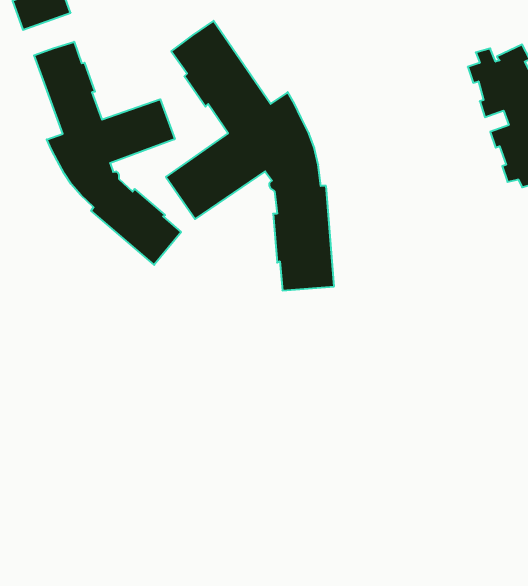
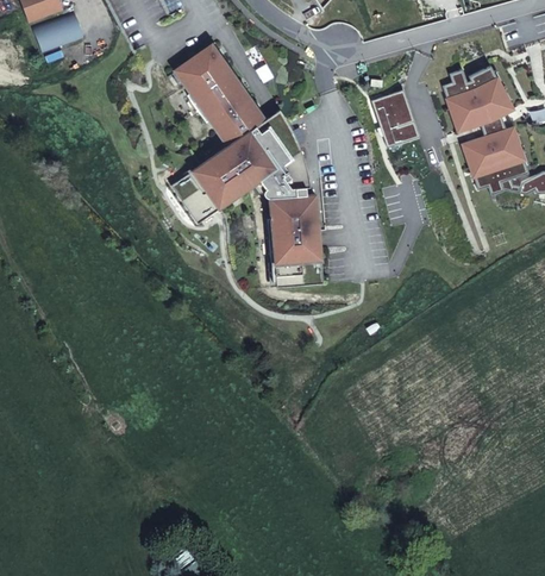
building: [34,42,181,265] -> none
building: none -> [370,90,418,149]

